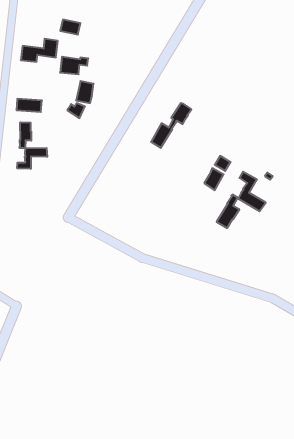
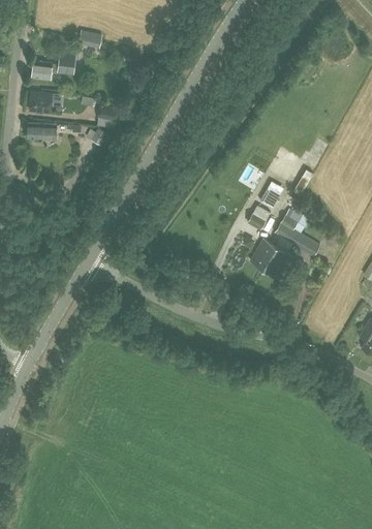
building: [60,57,88,74] -> [28,92,61,113]
building: [151,103,191,148] -> [250,215,298,268]
building: [17,122,47,169] -> none

